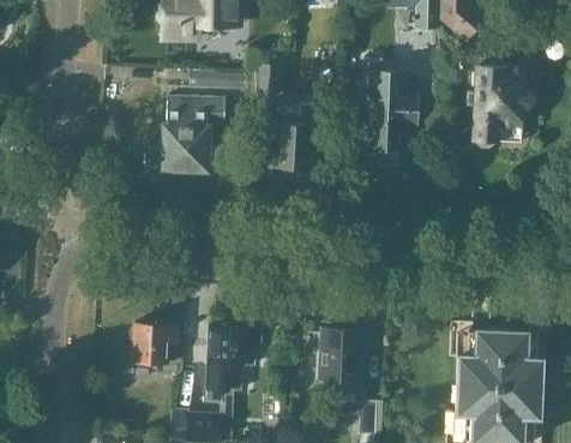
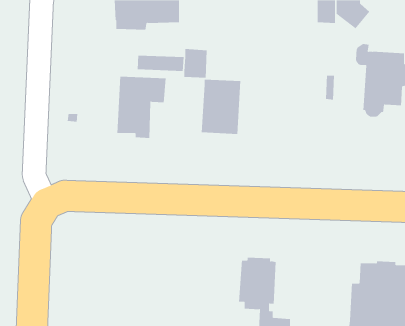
building: [356,70,417,167] -> none
building: [132,319,178,366] -> none
building: [206,323,260,391] -> none

